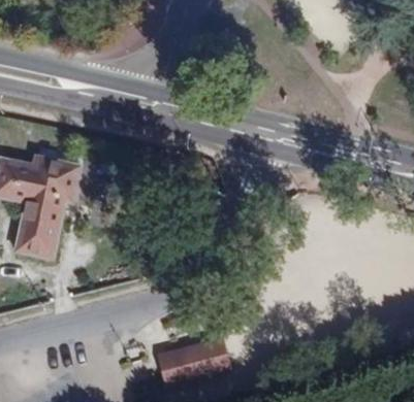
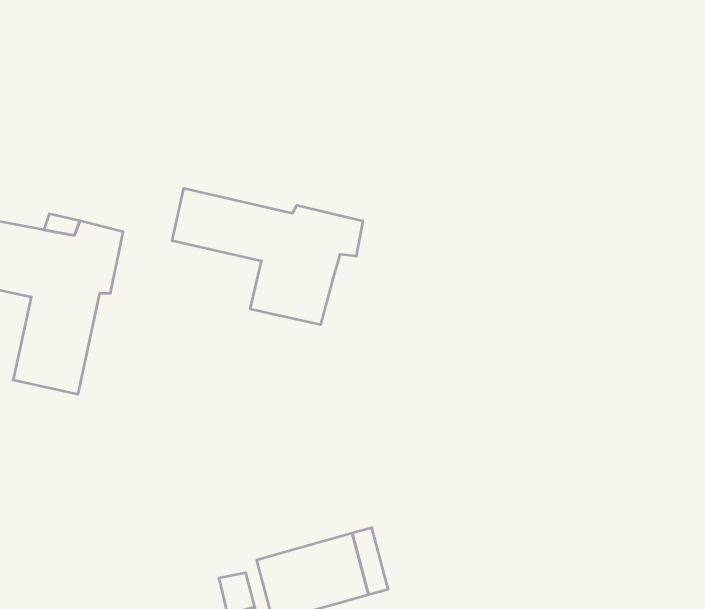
building: none -> [172,188,363,325]

